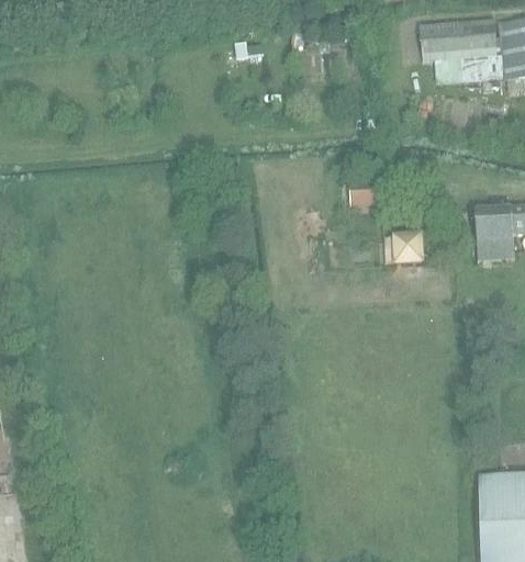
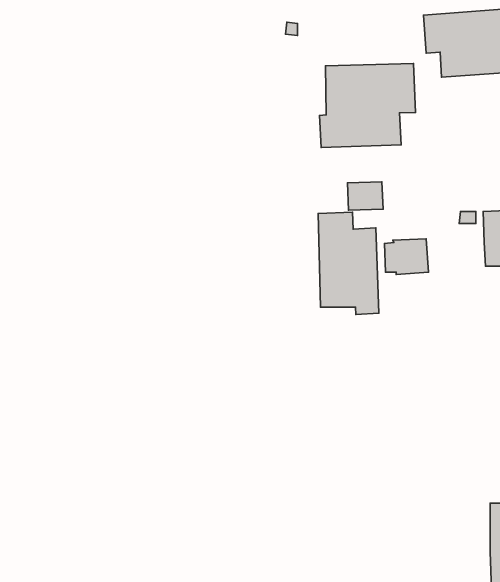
building: none -> [320,64,415,148]
building: none -> [318,212,379,314]

